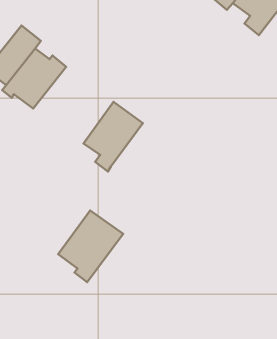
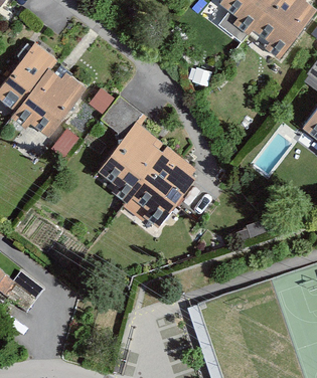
building: [58,211,123,282] -> [129,150,196,224]

